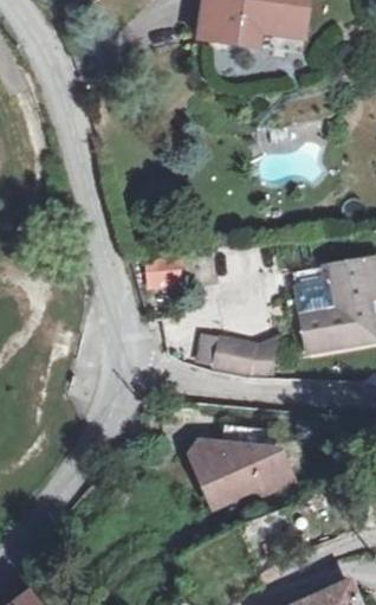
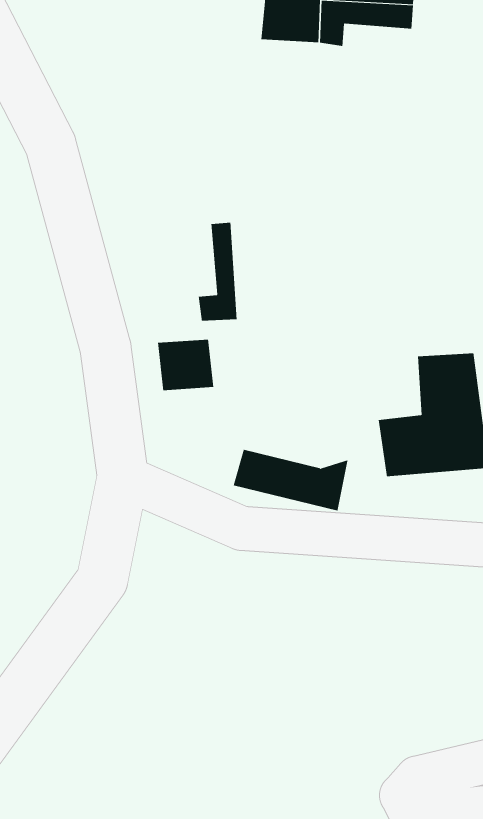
building: none -> [198,222,237,321]
building: [181,427,287,510] -> none

